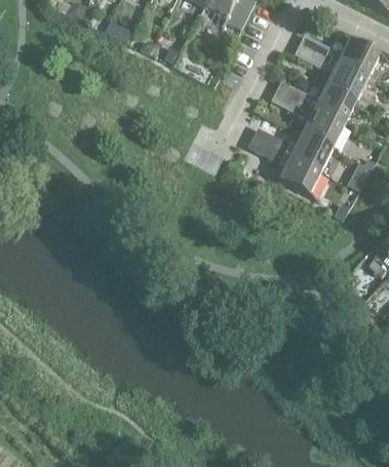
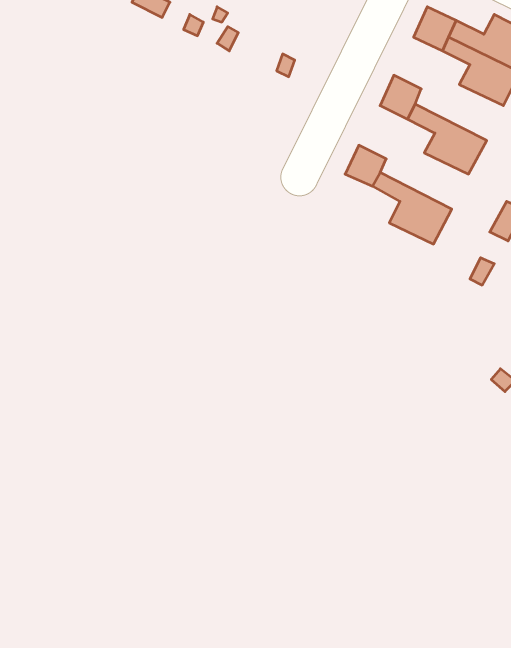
building: [298,85,357,123] -> none
building: [274,131,334,169] -> none

